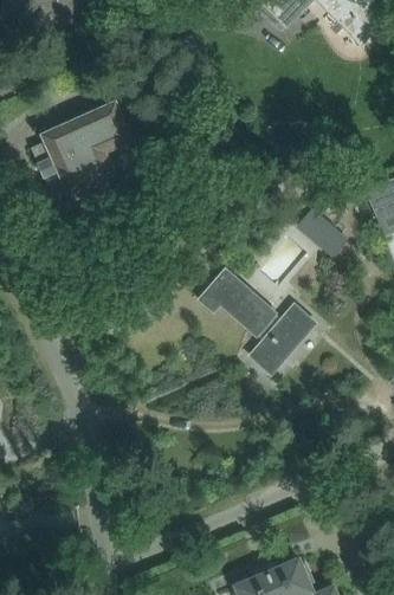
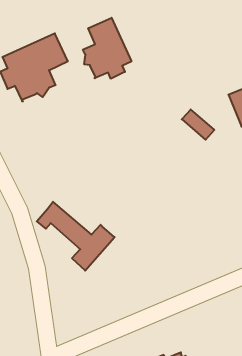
building: none -> [83,18,131,79]
building: [201,271,314,370] -> [37,202,115,271]

